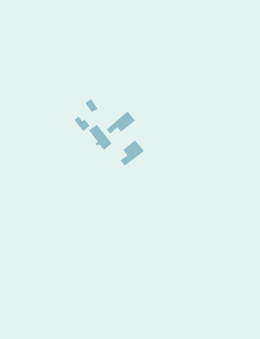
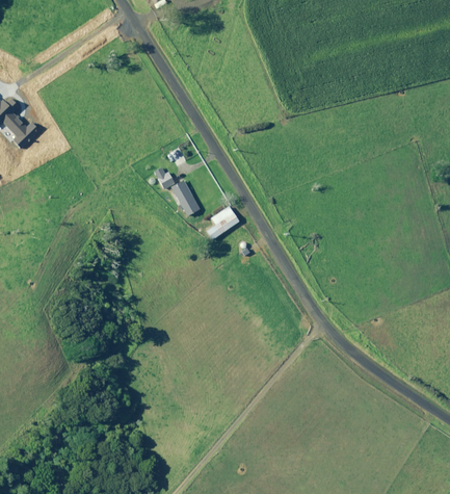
building: [106,110,136,134] -> none

